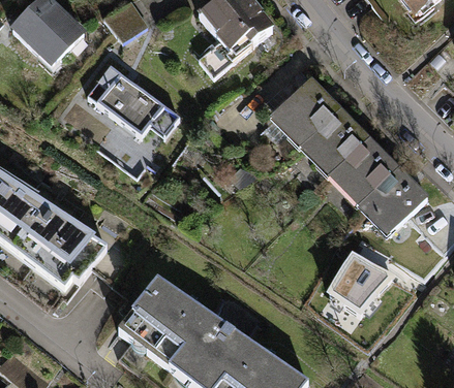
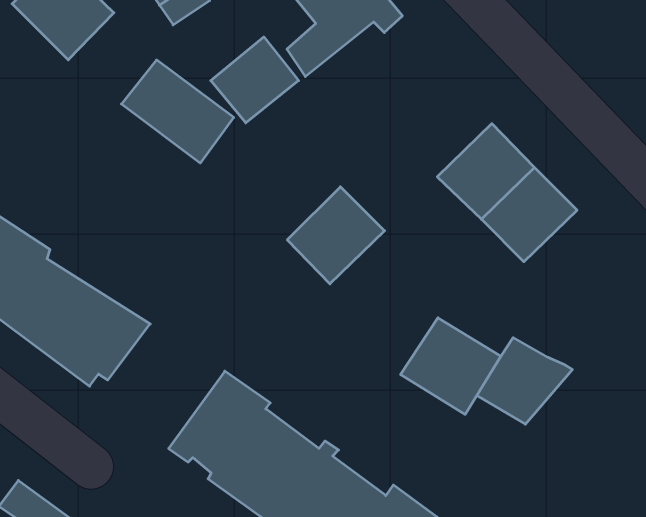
building: none -> [211,37,299,123]
building: [272,77,338,143] -> [287,187,385,284]
building: [360,166,425,231] -> none
building: none -> [401,318,501,414]

